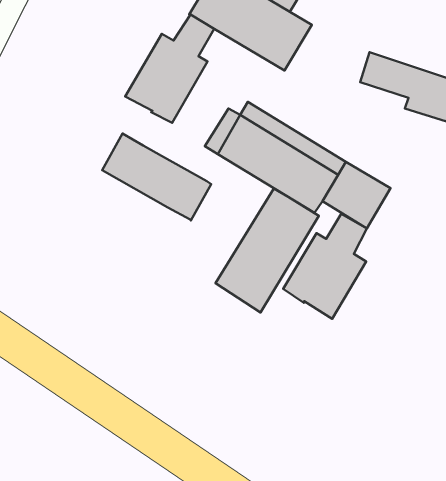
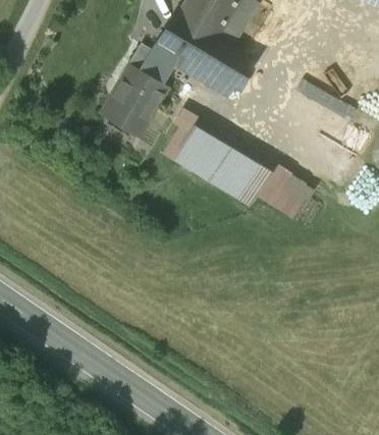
building: [102,134,211,221] -> none
building: [216,189,319,312] -> none
building: [283,214,367,319] -> none

